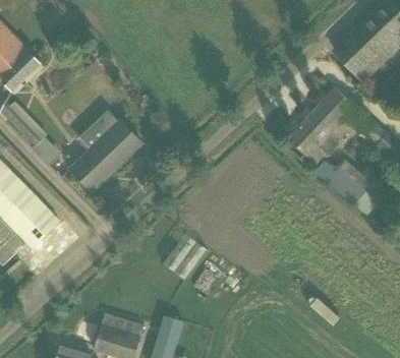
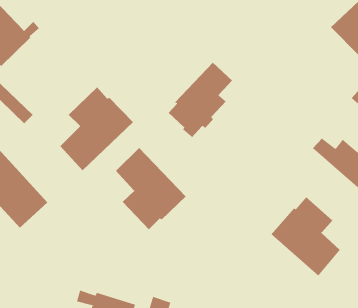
building: [290,90,353,164] -> [168,62,233,138]
building: none -> [115,147,187,230]
building: none -> [270,196,341,276]

